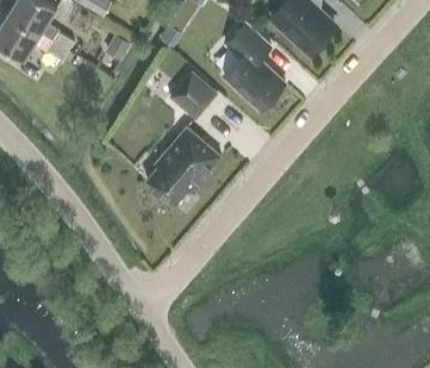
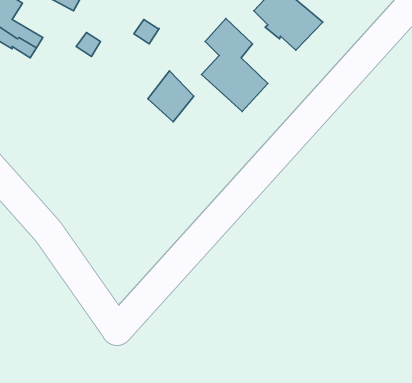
building: [147,127,222,205] -> none

